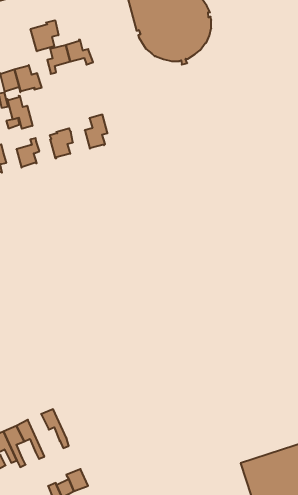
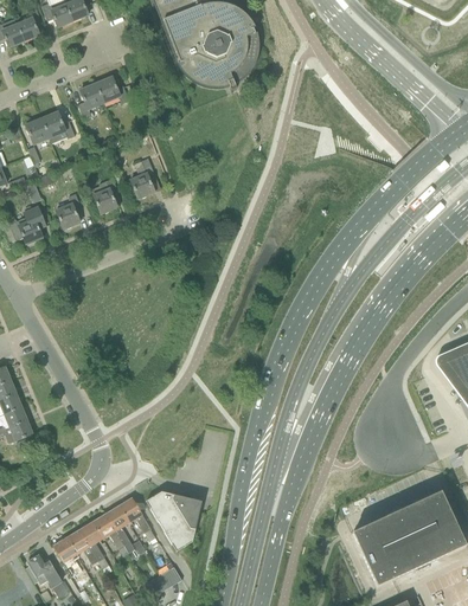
building: [31,20,58,51] -> none
building: [7,96,32,129] -> none
building: none -> [146,490,199,549]
building: none -> [105,503,135,550]

